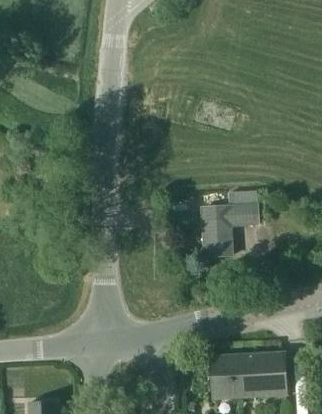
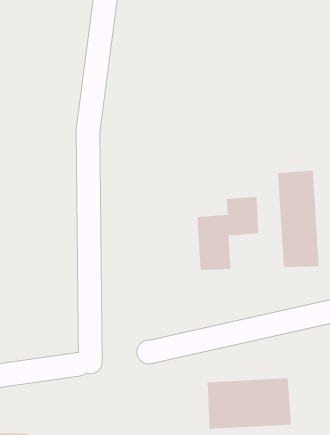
building: none -> [278,170,319,268]

